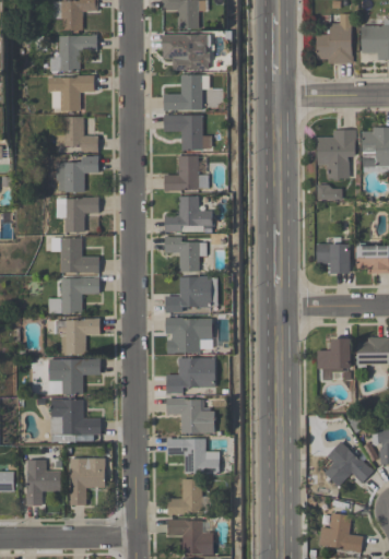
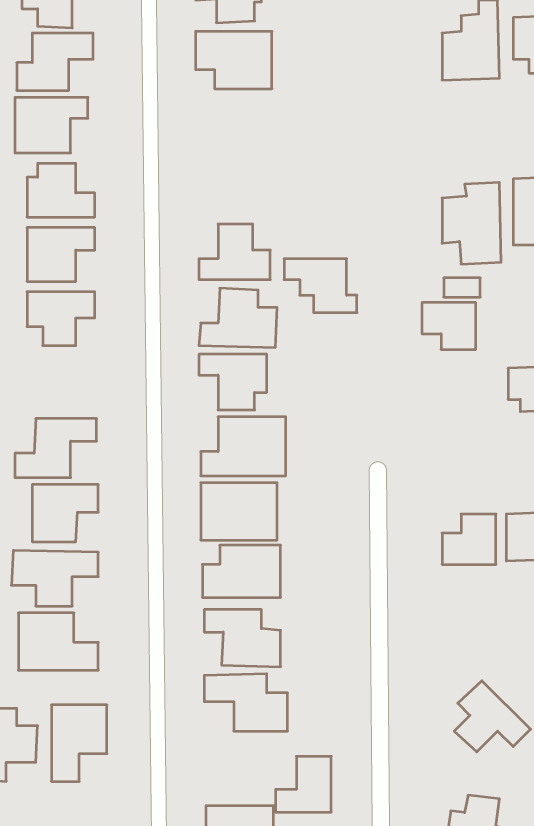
building: [164,74,208,110] -> none
building: [164,115,210,148] -> [284,259,357,313]
building: [51,238,99,273] -> none
building: [317,243,351,273] -> [422,303,476,349]
building: [168,479,203,514] -> [276,756,331,812]

